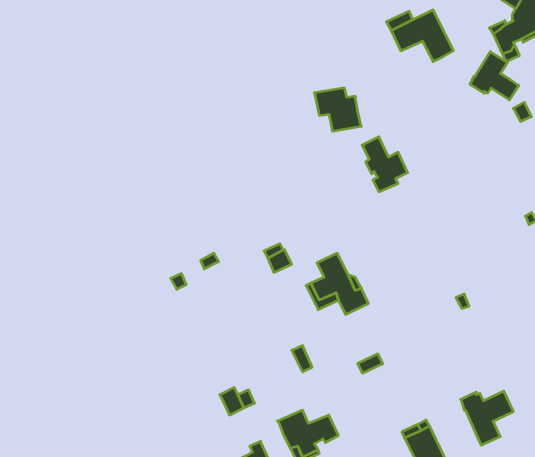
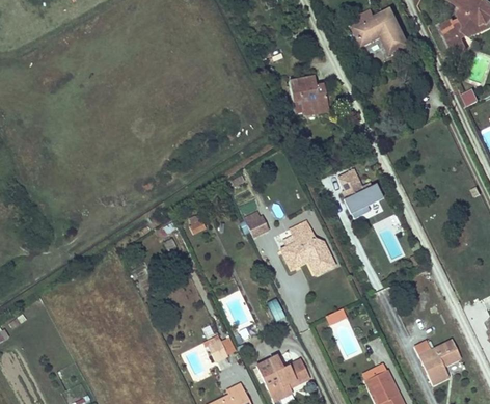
building: [470,52,519,100] -> none
building: [362,137,408,192] -> [338,170,378,218]

